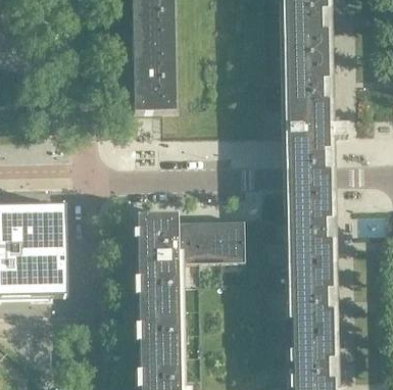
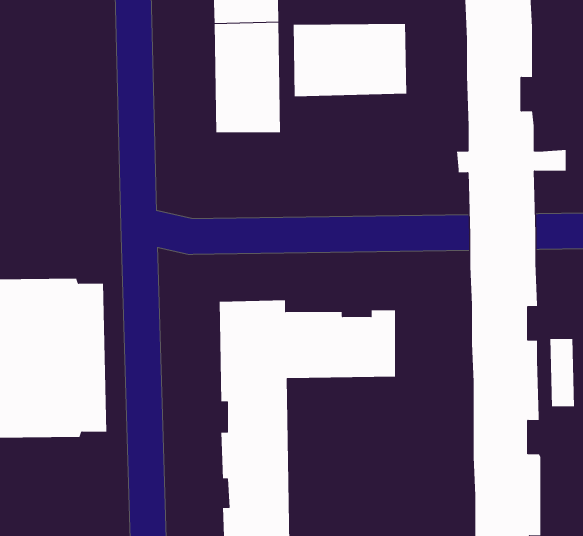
building: none -> [293,23,407,97]

